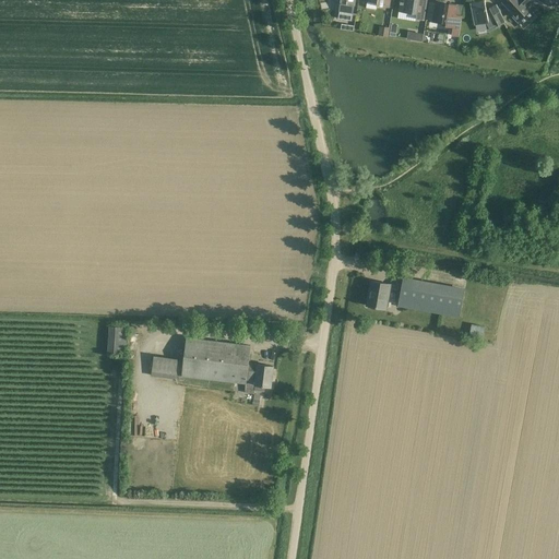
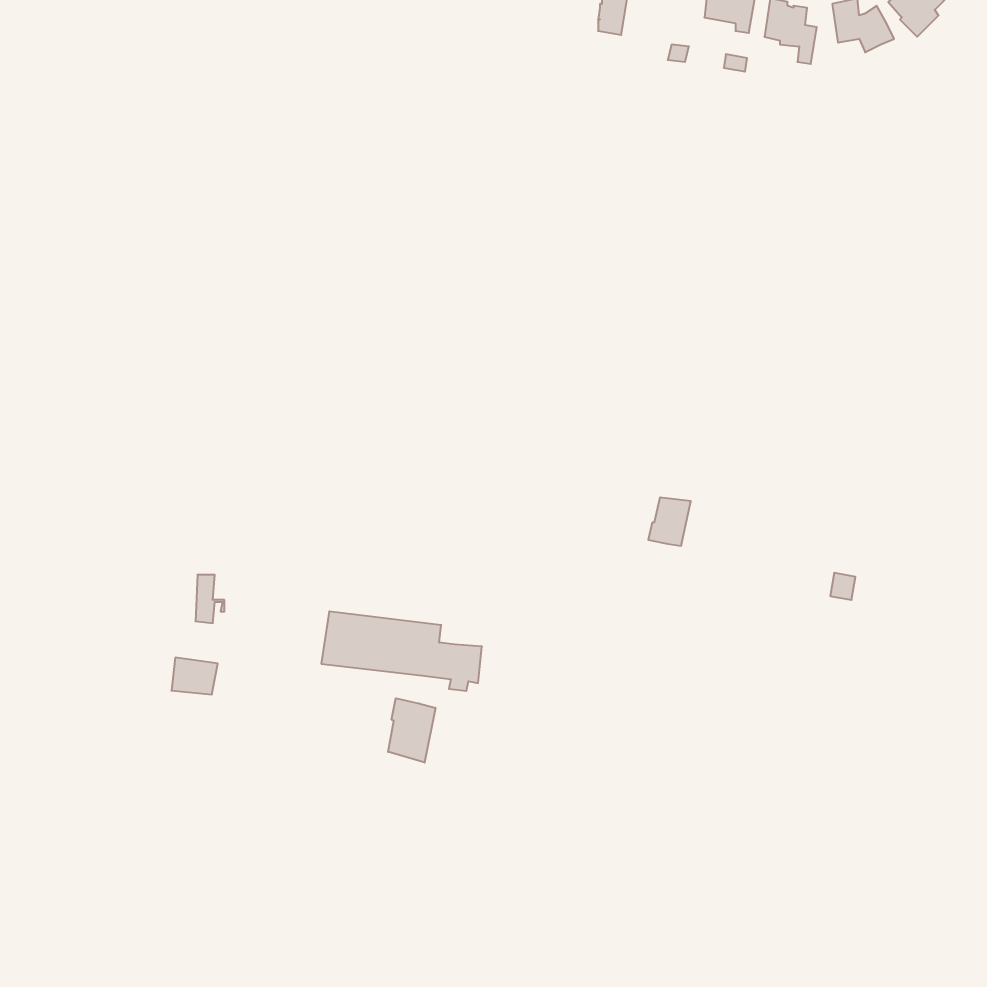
building: [397,277,463,316] -> none
building: [151,356,177,377] -> [171,658,218,694]
building: none -> [388,698,435,763]

